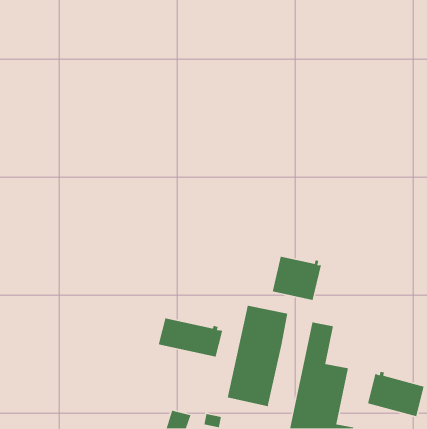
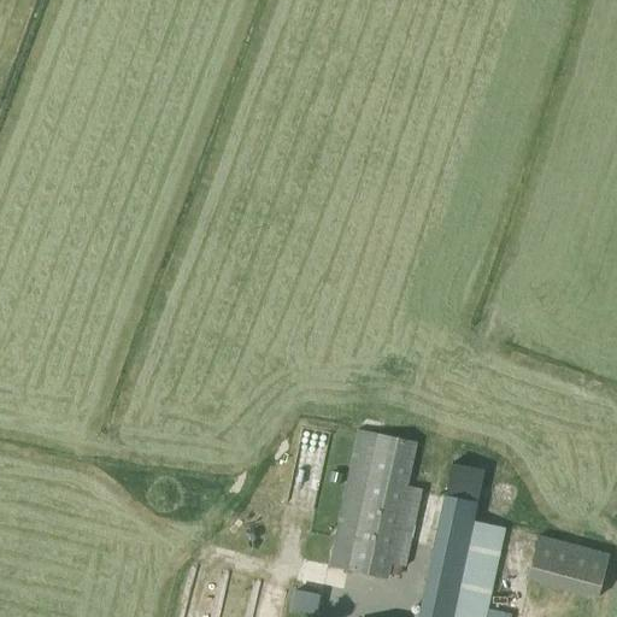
building: [272,256,322,301] -> none
building: [158,318,223,357] -> none

